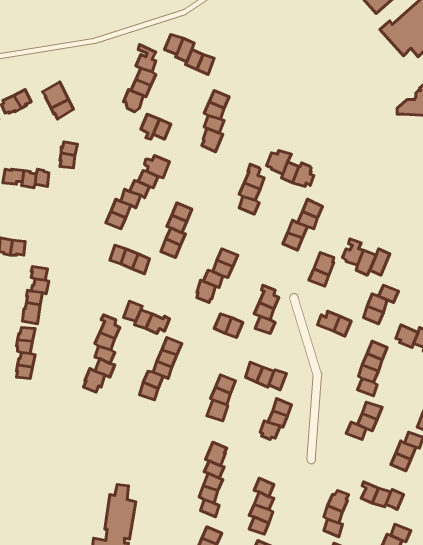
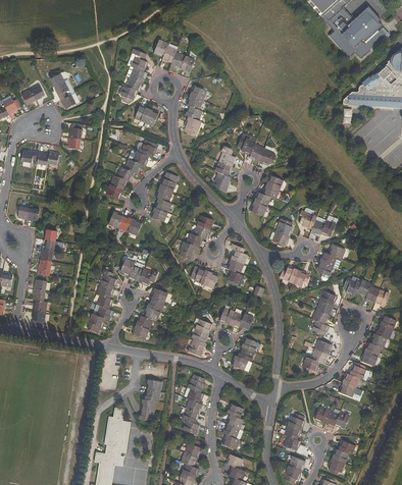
building: none -> [139,377,160,420]

